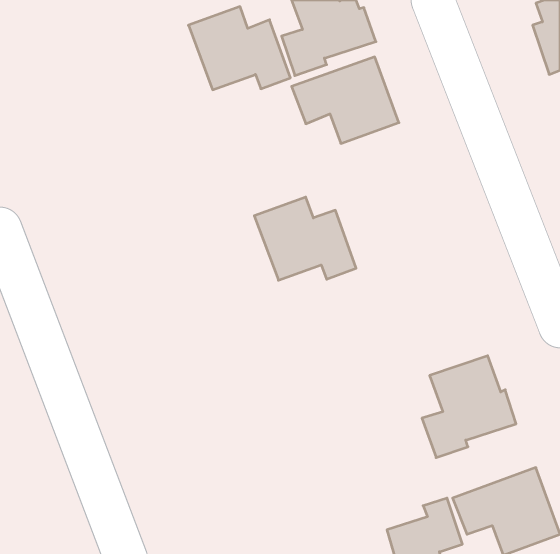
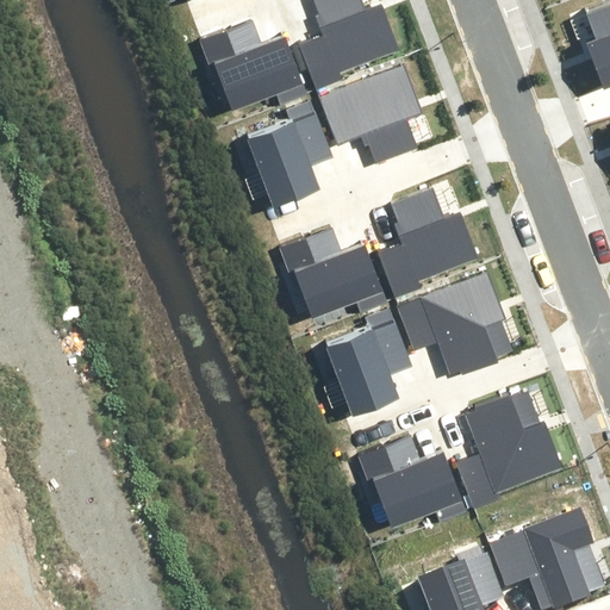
building: none -> [244,100,328,198]
building: none -> [379,191,480,294]
building: none -> [397,280,513,375]
building: none -> [324,313,407,411]
building: none -> [359,429,469,521]

